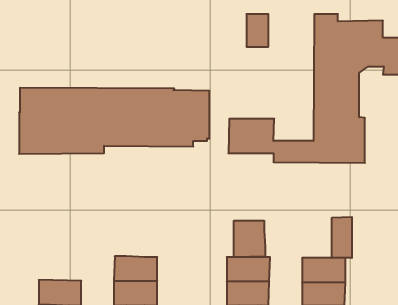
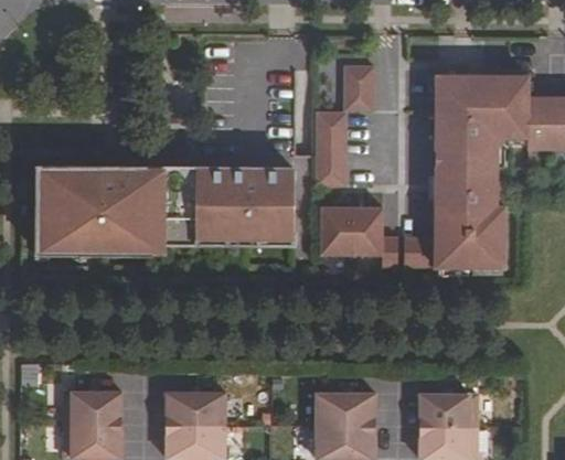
building: none -> [317,113,345,185]
building: [332,217,352,258] -> none
building: [234,221,265,257] -> none
building: none -> [64,392,121,426]

